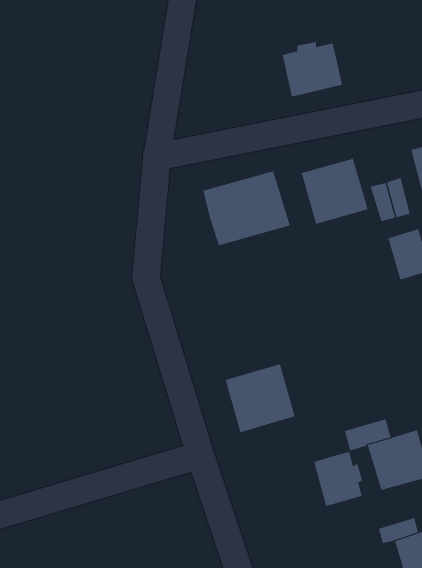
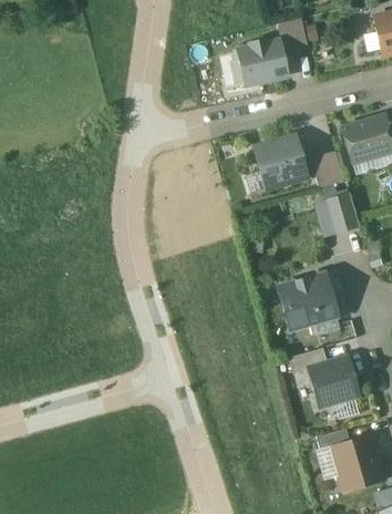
building: none -> [276,19,308,54]
building: [203,171,290,246] -> none
building: [225,363,296,433] -> [278,274,336,330]
building: [313,451,363,507] -> none

